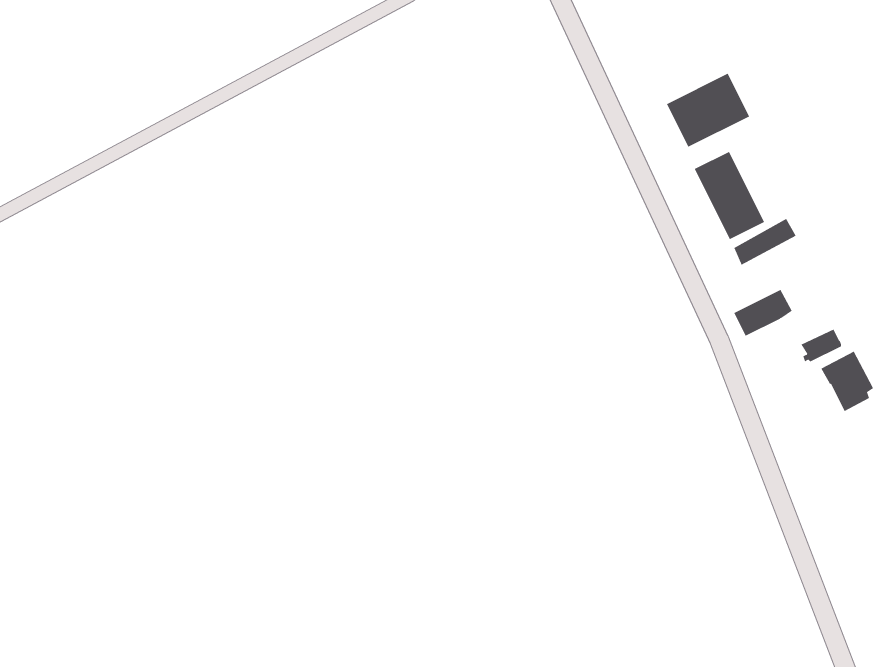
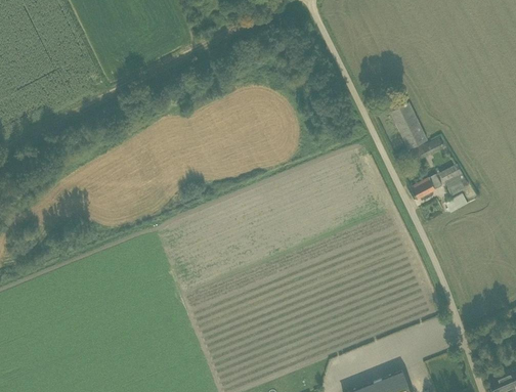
building: [666,73,750,148] -> none
building: [821,351,874,412] -> [439,165,467,197]

